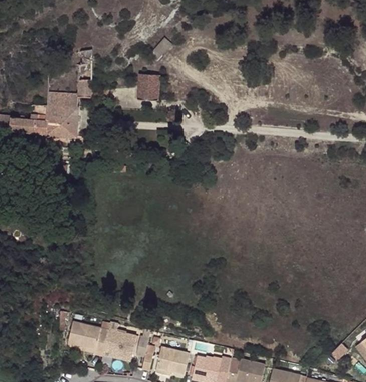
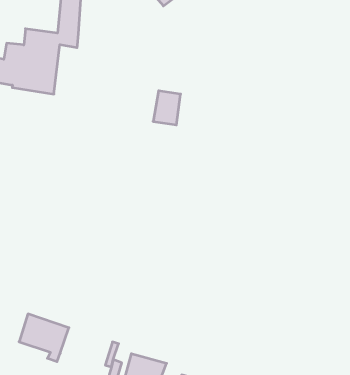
building: [135,75,155,101] -> [153,91,181,125]
building: [99,325,132,353] -> none

